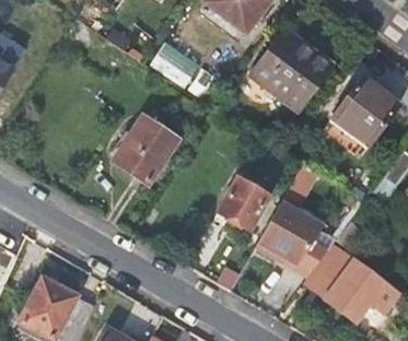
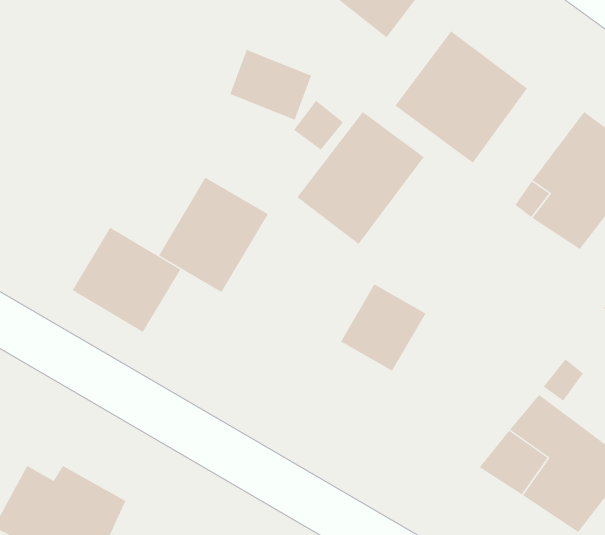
building: none -> [297,111,425,245]
building: none -> [72,227,181,333]
building: [254,199,322,264] -> none

